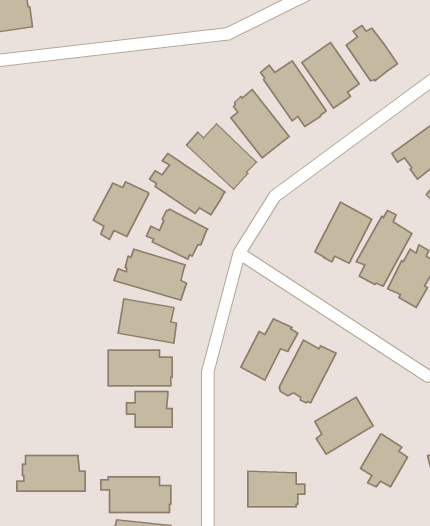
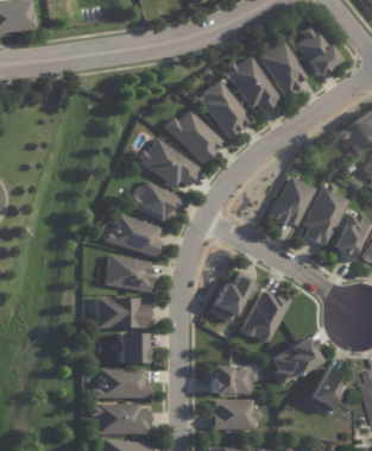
building: [93,182,149,239] -> none
building: none -> [213,367,257,394]
building: [17,456,85,491] -> [94,369,151,399]

